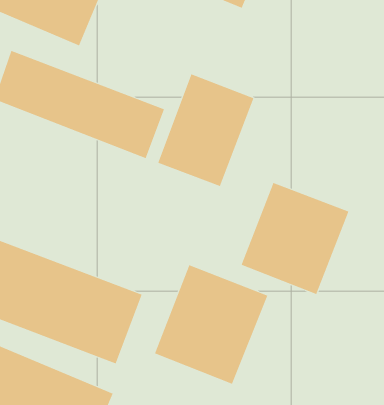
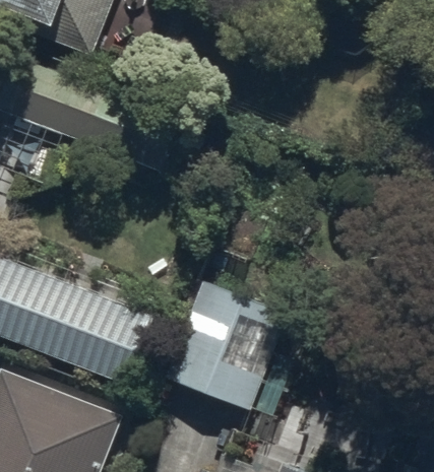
building: [158,74,254,187] -> none
building: [241,182,349,295] -> none

